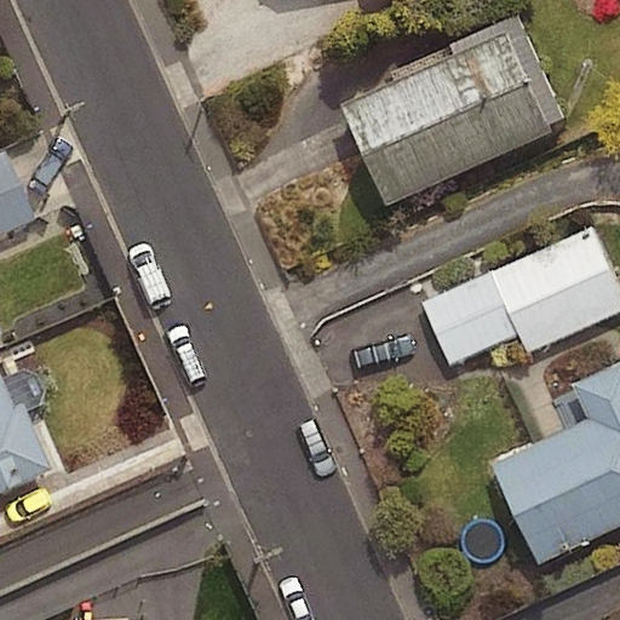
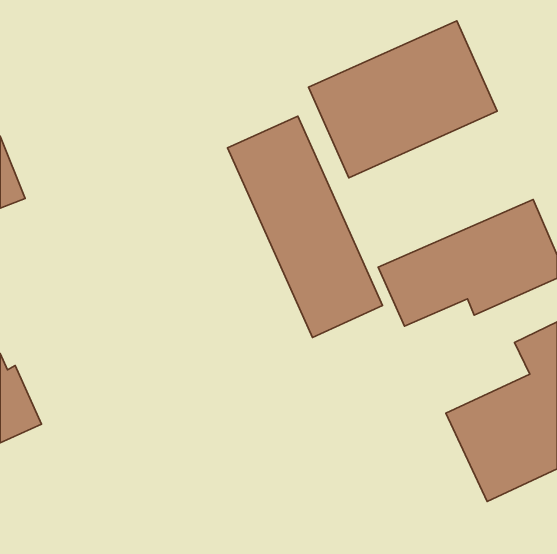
building: none -> [228,116,383,337]

